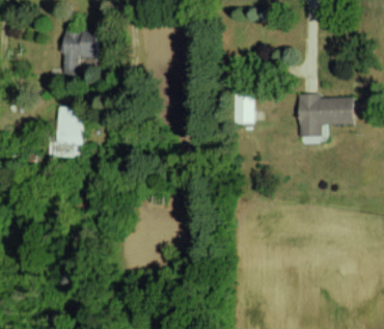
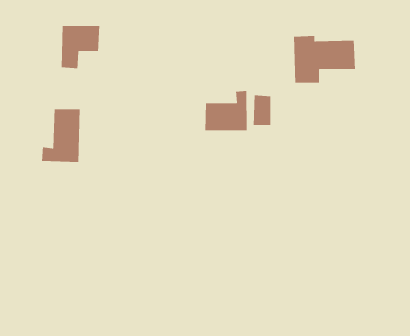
building: none -> [205,90,247,131]
building: [298,93,354,137] -> [293,35,356,84]

